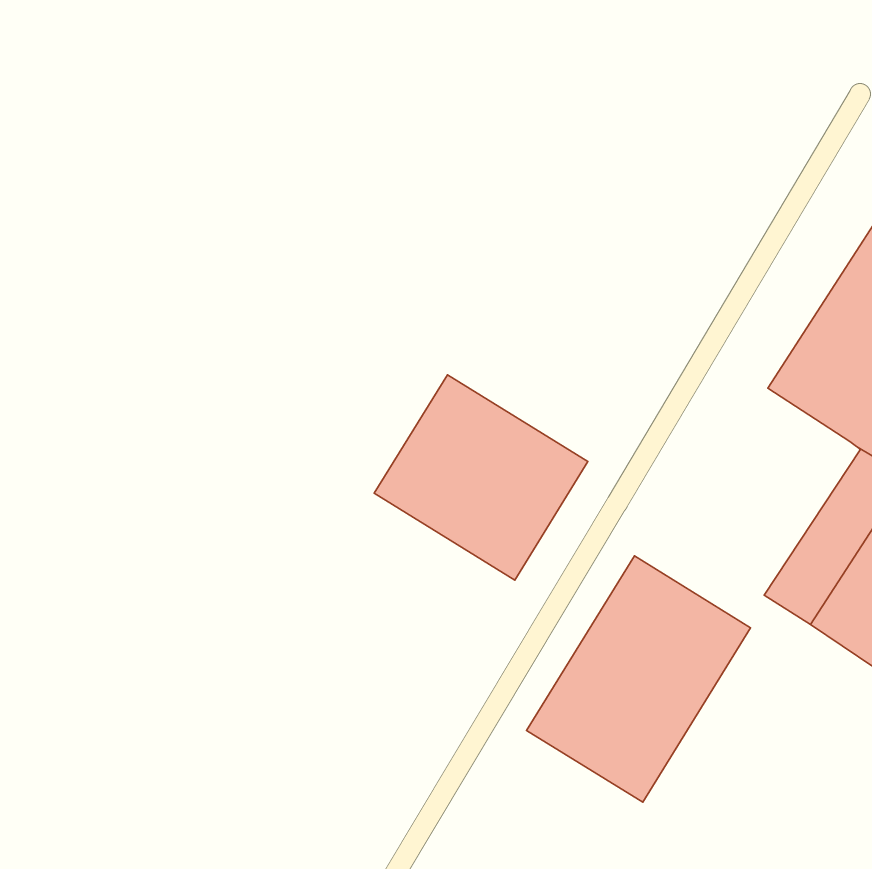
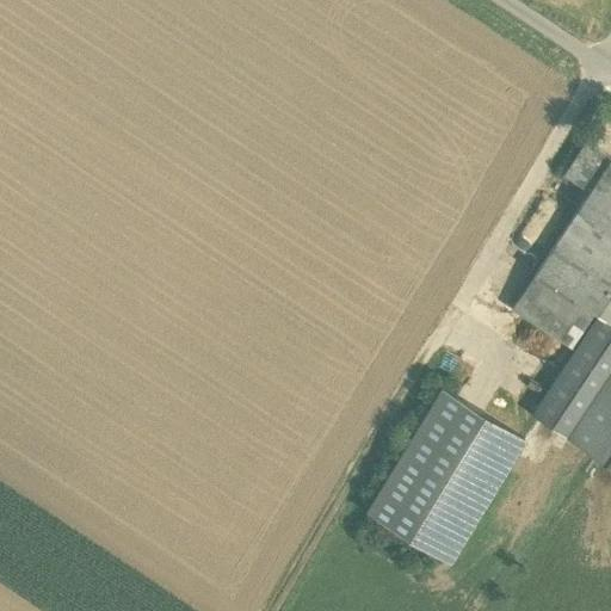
building: [374,375,588,580] -> none
building: none -> [512,274,594,348]

